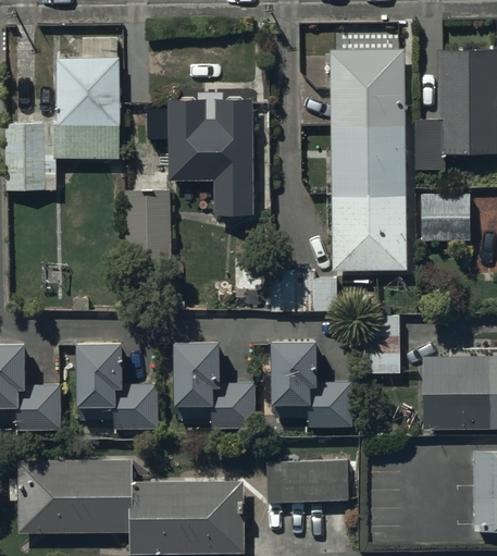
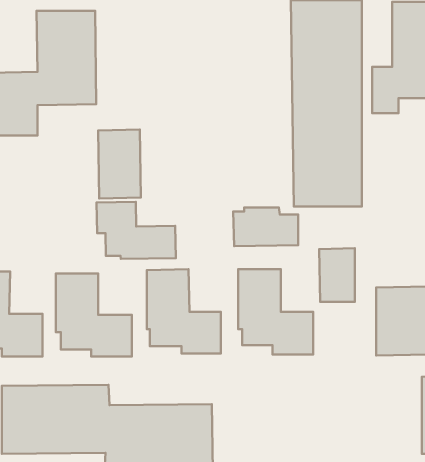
building: [170,98,253,214] -> none
building: [420,193,467,239] -> none
building: none -> [97,202,176,259]
building: [269,460,350,502] -> none

